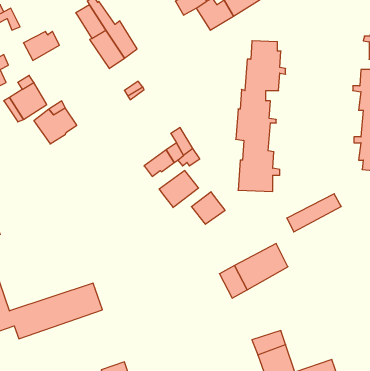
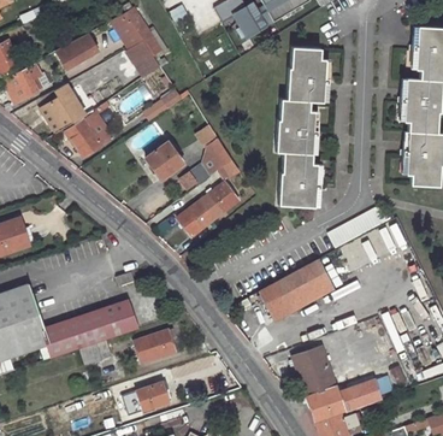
building: none -> [146,142,183,179]
building: [191,192,225,224] -> [177,202,212,236]
building: none -> [136,329,179,361]

